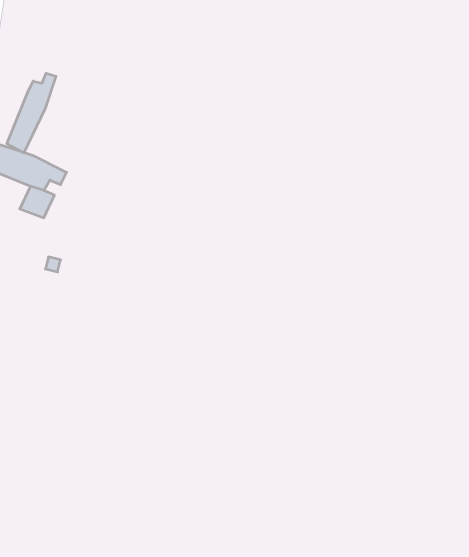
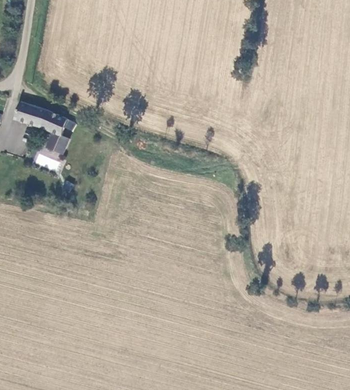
building: [7,73,56,153] -> none

